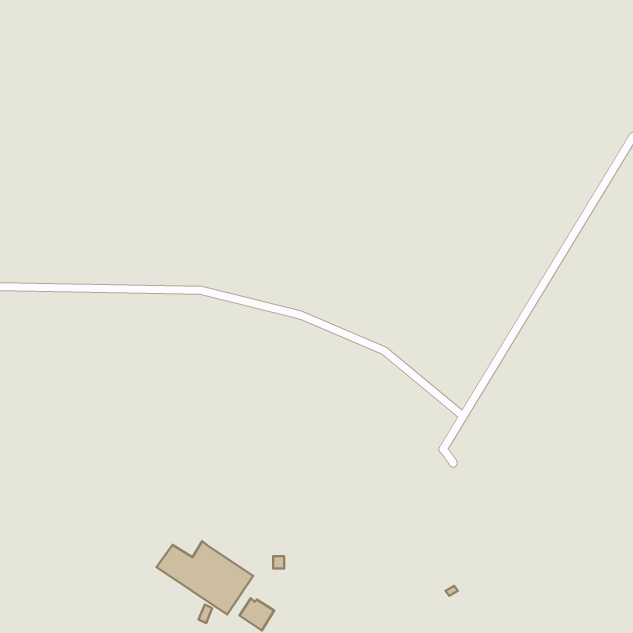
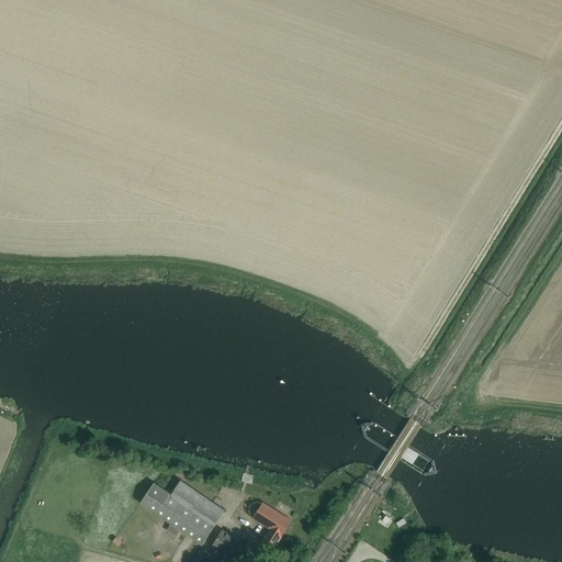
building: none -> [252,501,293,544]

